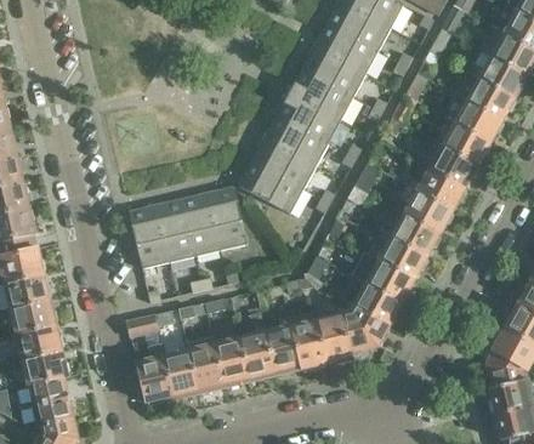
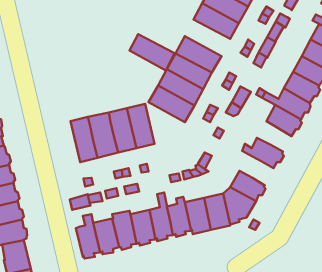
building: [289,70,352,121] -> [130,34,175,71]
building: [379,212,441,255] -> none
building: [352,251,414,302] -> none

